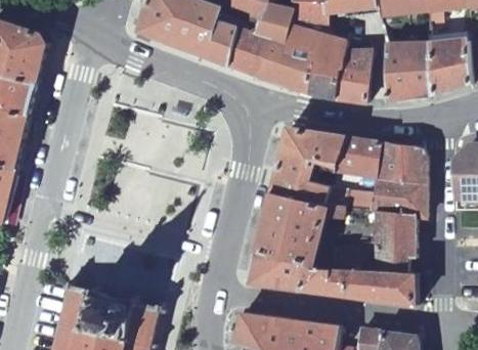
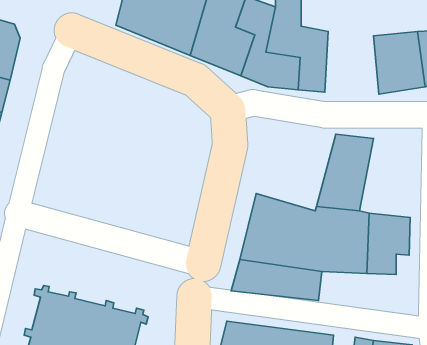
building: [336,39,365,98] -> none
building: [270,128,346,209] -> none
building: [368,140,425,216] -> none
building: [330,266,418,303] -> none

